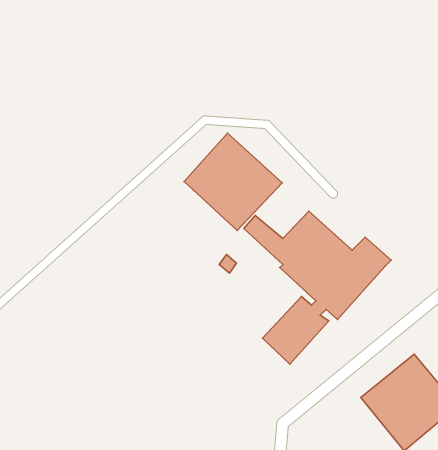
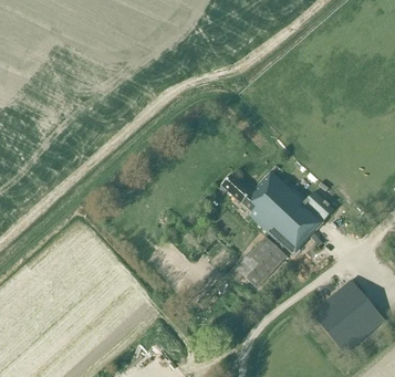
building: [184,133,282,231] -> none

